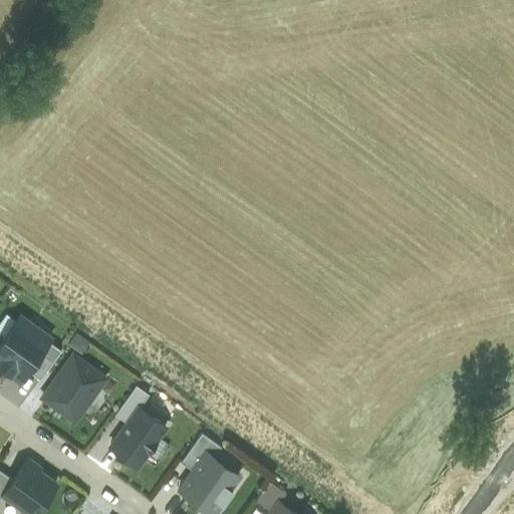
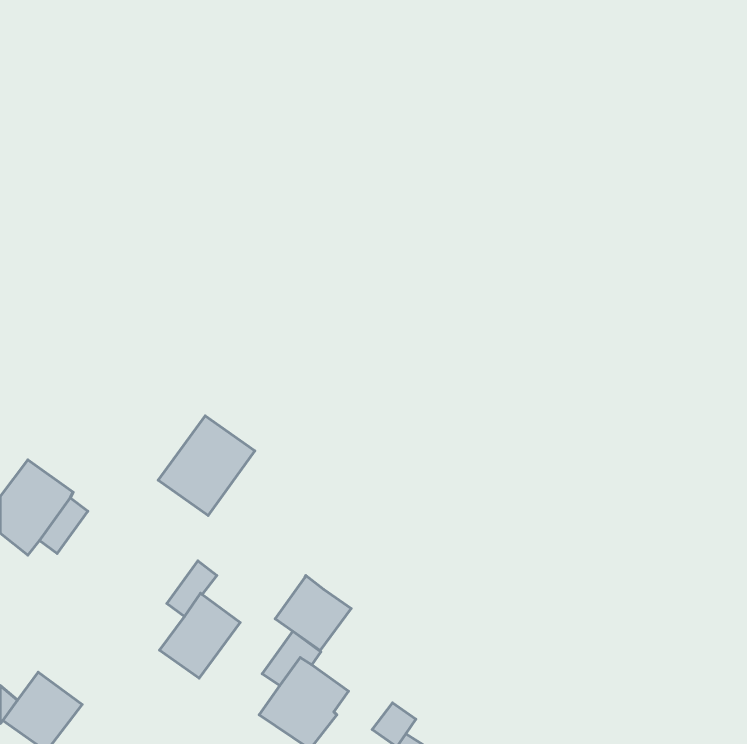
building: [41,355,107,424] -> [158,416,255,515]
building: none -> [275,576,351,650]

